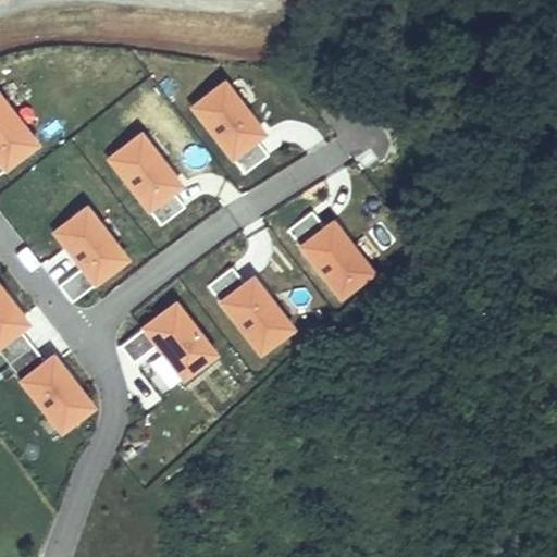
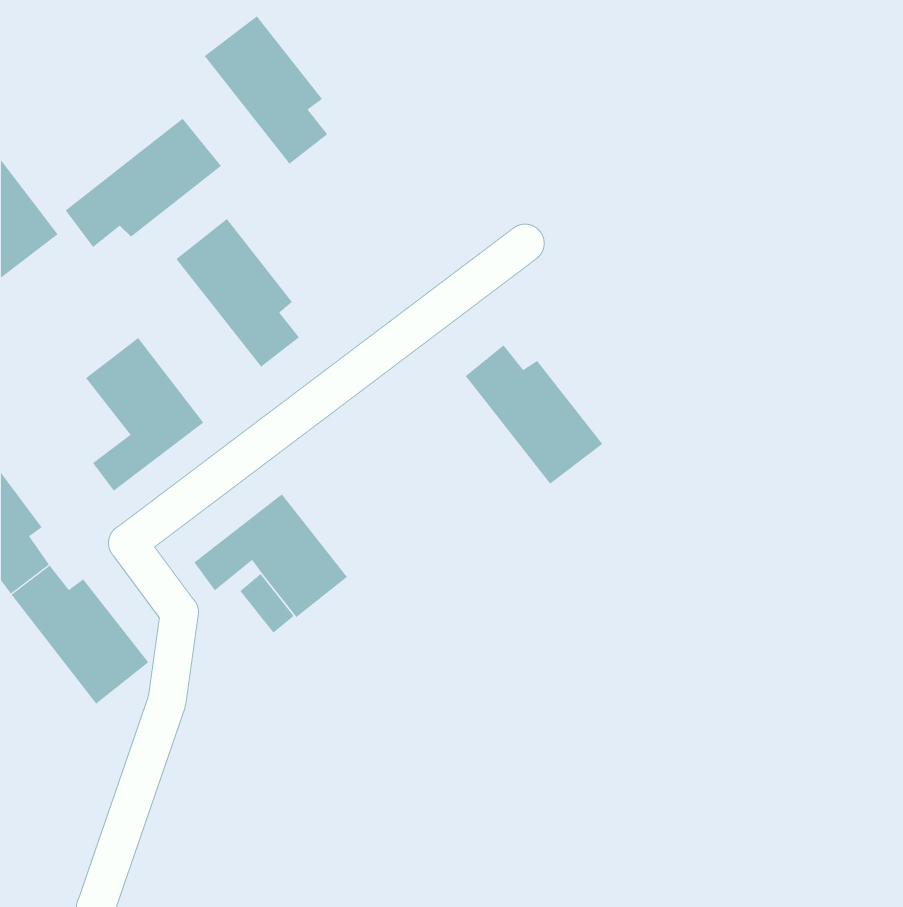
building: none -> [65,118,222,248]
building: [193,82,269,173] -> [204,15,328,164]
building: [208,268,293,354] -> none

